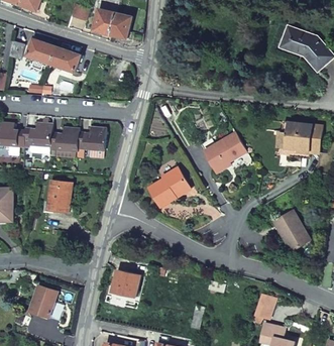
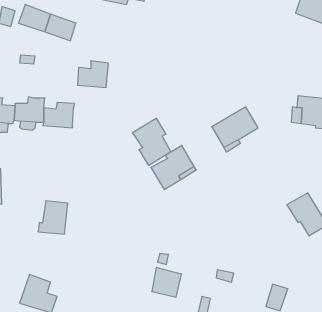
building: [77,127,105,151] -> [78,61,108,87]
building: none -> [133,118,171,166]
building: [43,182,71,212] -> [38,201,68,234]
building: [112,270,139,298] -> [152,267,182,297]

